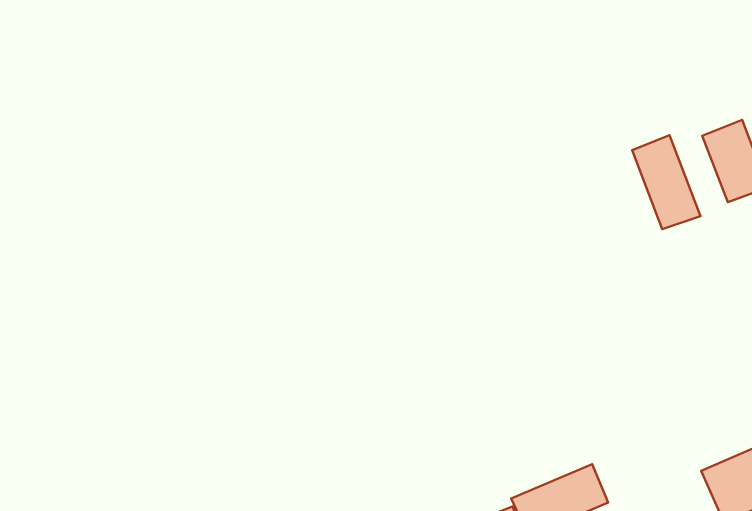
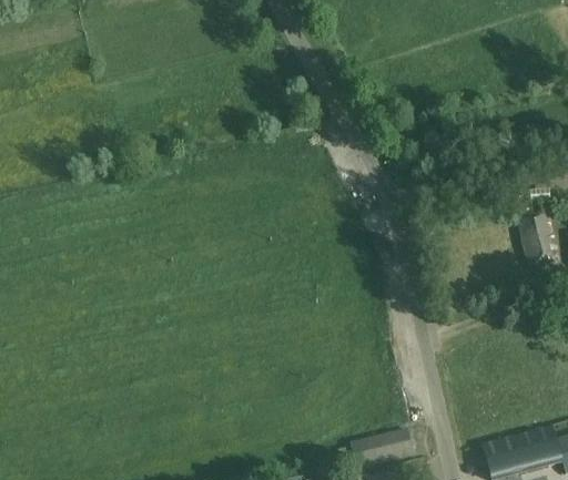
building: [632,135,700,229] -> none

